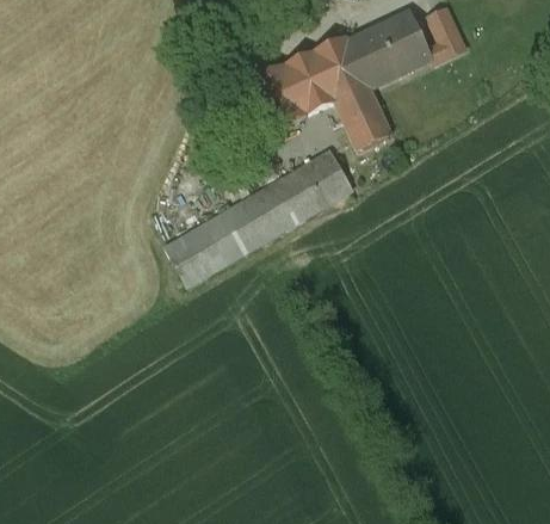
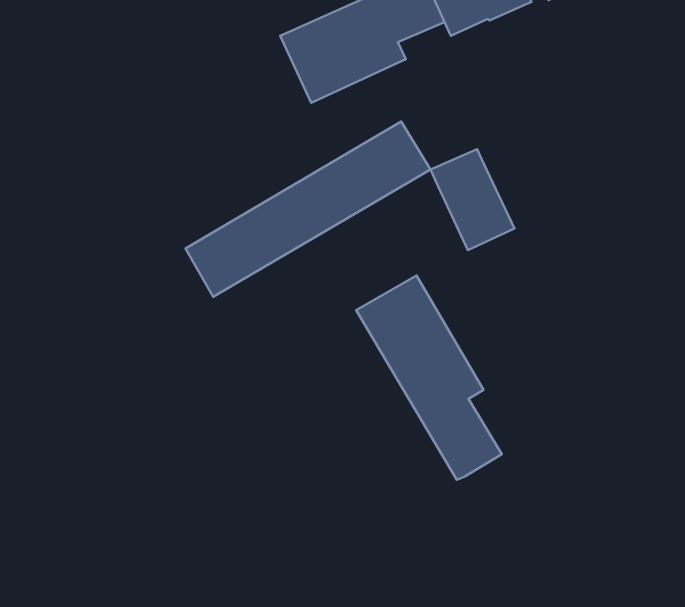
building: [328,73,393,150] -> [431,149,514,250]
building: none -> [356,275,502,480]

